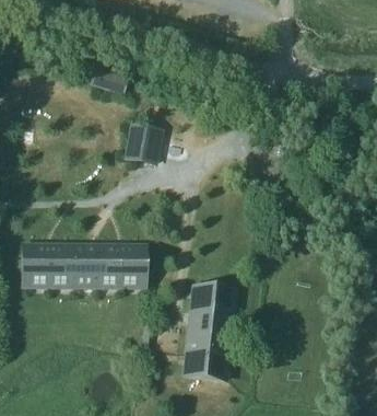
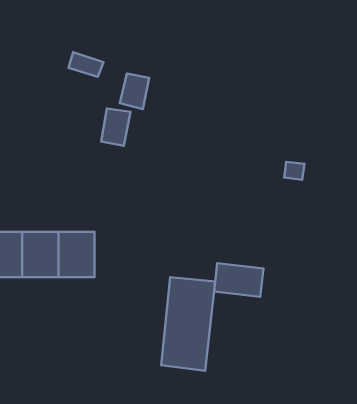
building: none -> [120,74,149,109]
building: [118,243,142,287] -> none
building: none -> [214,263,263,297]

